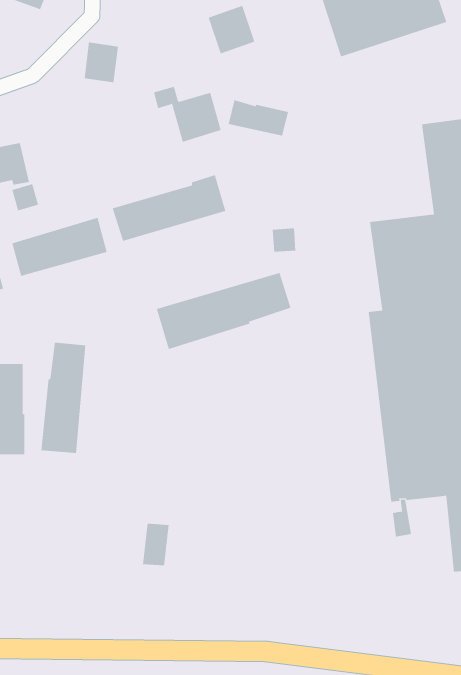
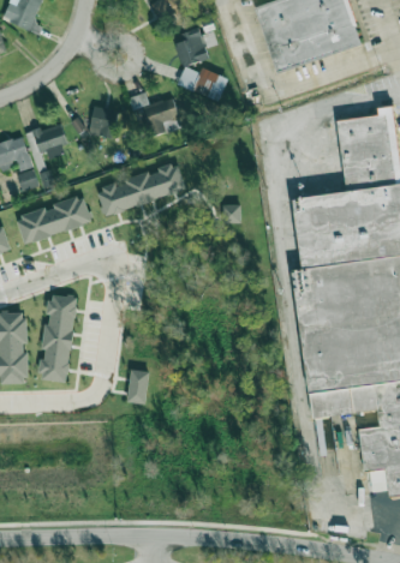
building: [84,42,119,83] -> [86,106,114,138]
building: [228,100,289,136] -> [177,66,225,95]
building: none -> [24,122,66,158]
building: [156,272,291,350] -> none
building: [142,523,170,566] -> [125,370,147,403]

